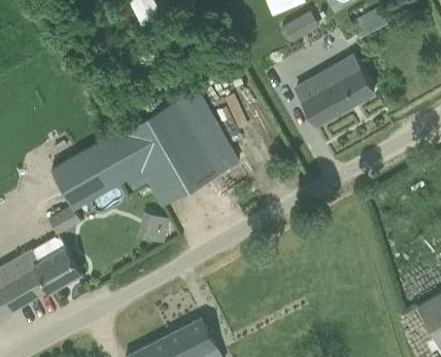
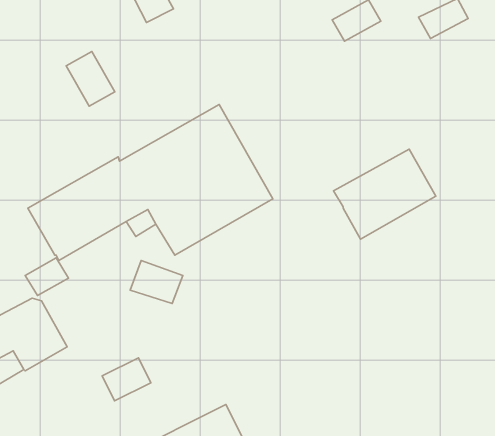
building: none -> [66,51,115,106]
building: [295,57,373,126] -> [334,149,436,239]
building: none -> [102,358,151,401]

